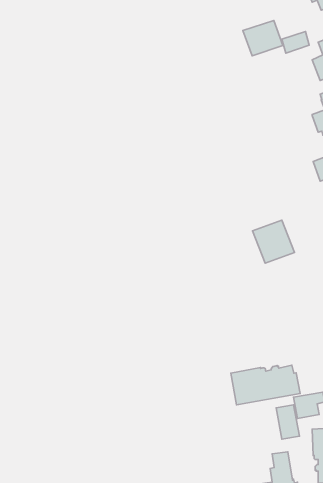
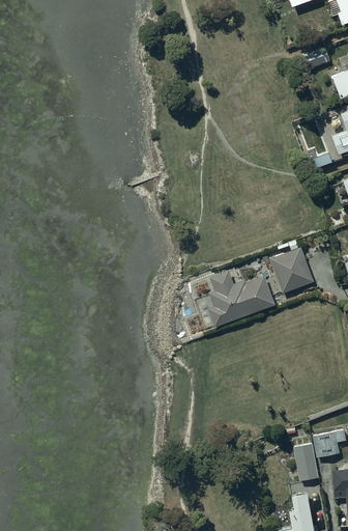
building: [243,20,283,56] -> none
building: none -> [209,270,276,327]
building: [231,365,300,405] -> none

